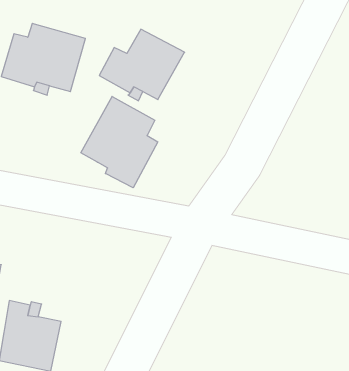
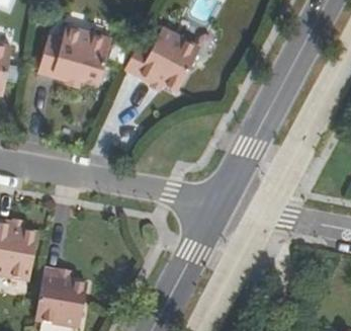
building: [81,96,158,188] -> none

